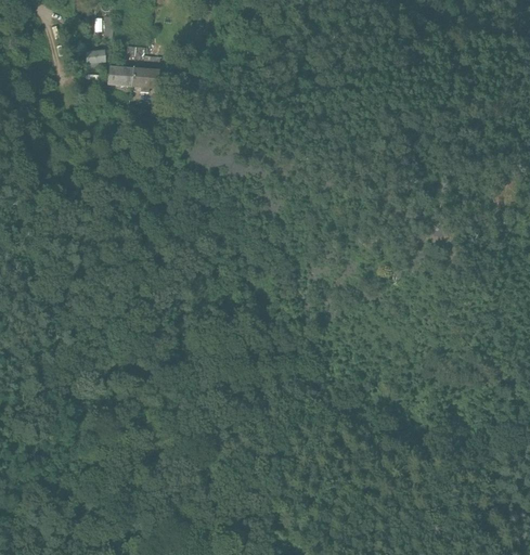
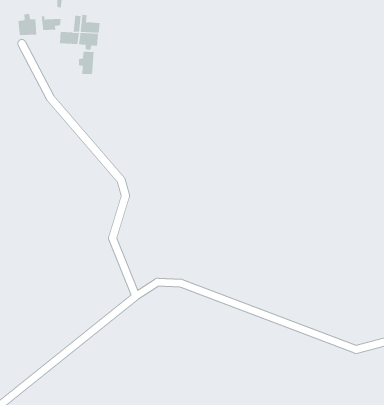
building: none -> [18,13,37,36]
building: none -> [79,51,94,75]

